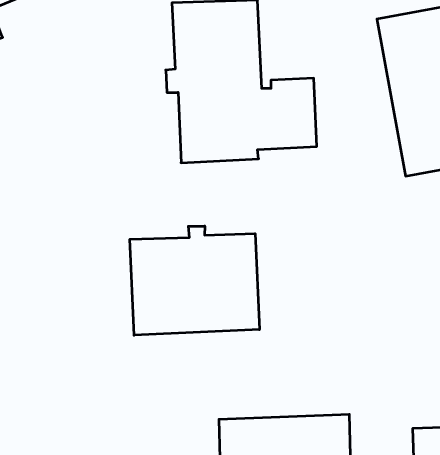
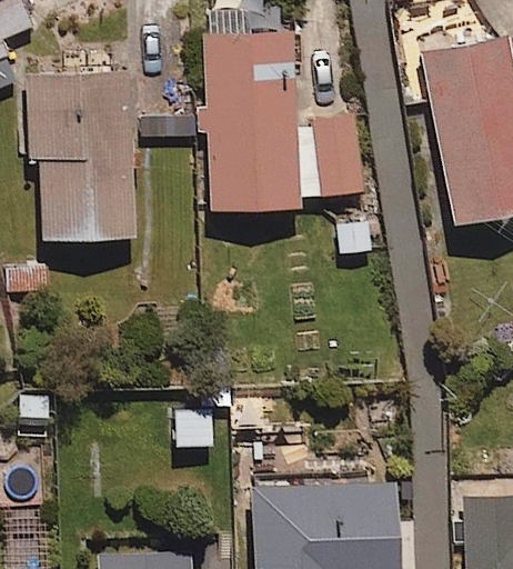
building: none -> [26,69,135,242]
building: [130,226,259,335] -> none

